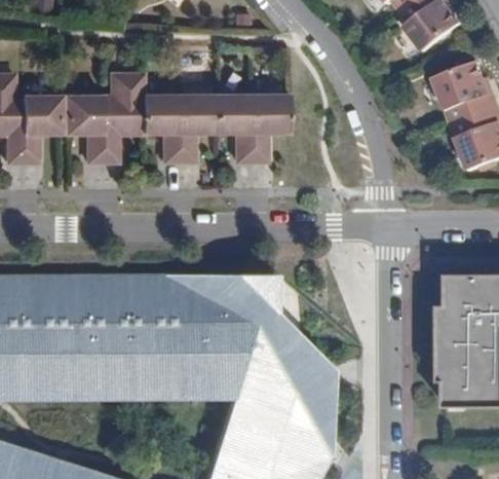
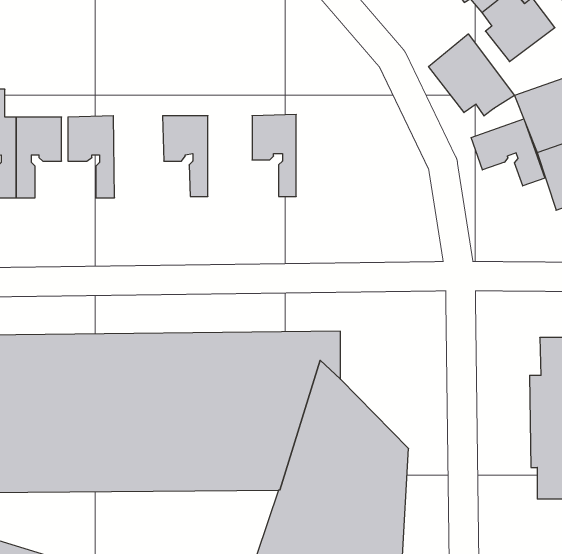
building: none -> [429,34,514,116]
building: [100,74,141,162] -> none
building: [248,95,285,161] -> none
building: [177,96,213,161] -> none
building: none -> [471,119,545,186]

